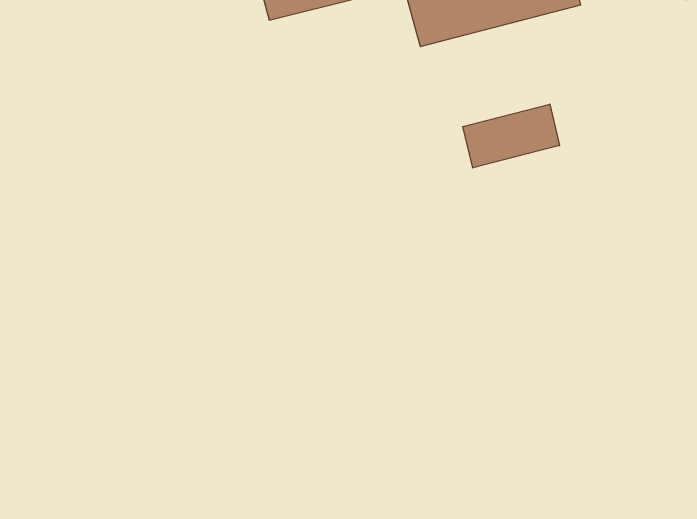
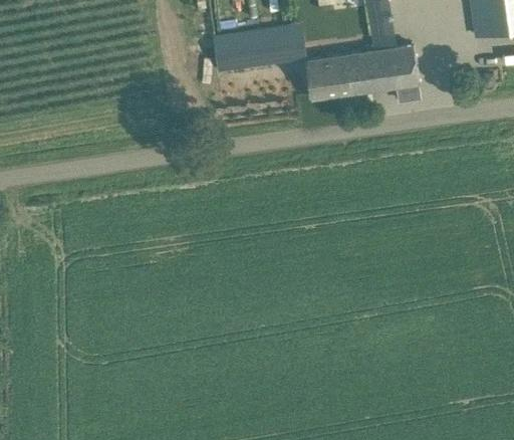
building: [463,104,560,168] -> none

